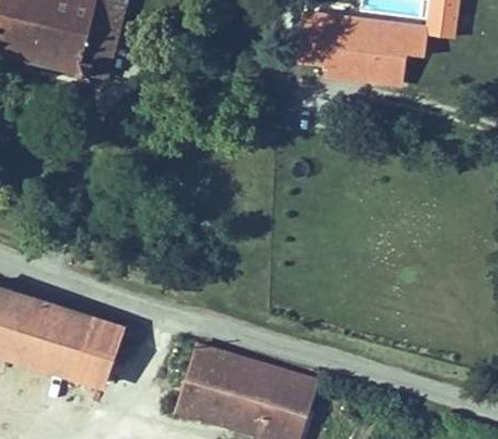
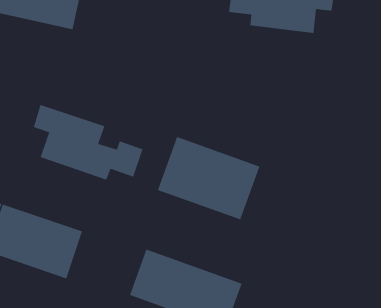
building: none -> [33,104,143,180]
building: none -> [157,136,260,220]

